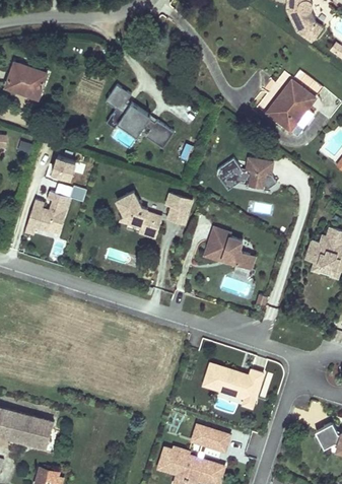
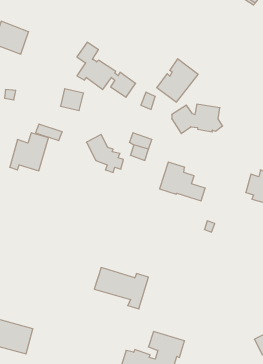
building: [268,78,317,129] -> [157,59,198,102]
building: [51,156,78,182] -> [60,89,84,110]
building: [200,362,264,411] -> [94,268,148,309]

